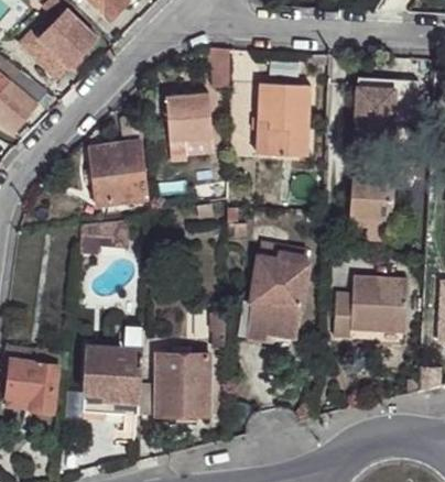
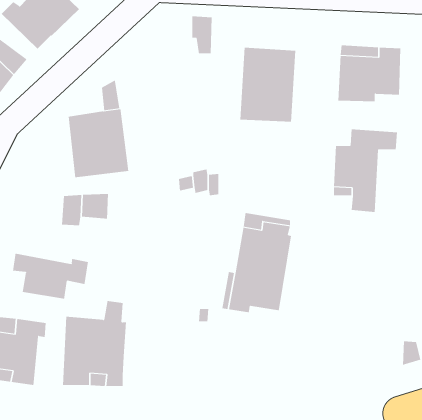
building: [164,92,214,153] -> none
building: [333,276,408,337] -> none
building: none -> [12,253,88,299]
building: [141,353,210,414] -> none

